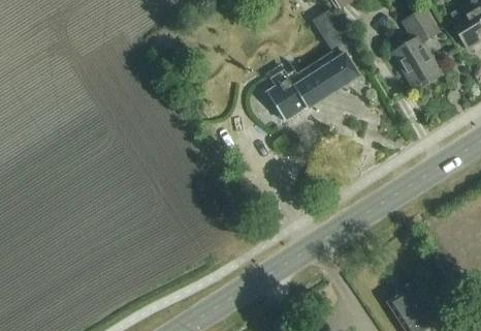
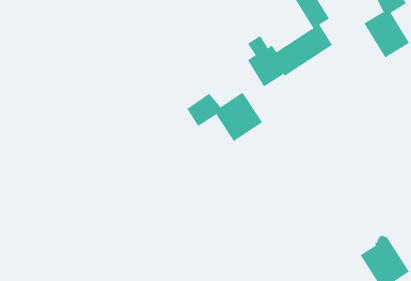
building: none -> [187,92,263,142]

